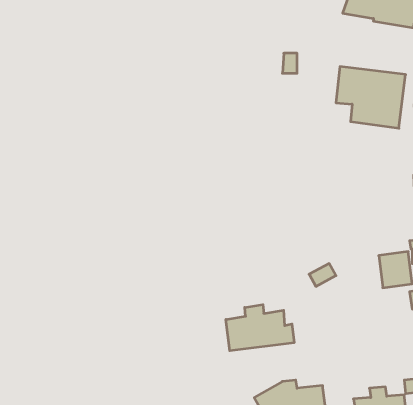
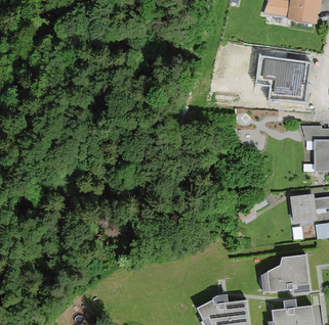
building: [226,305,294,351] -> none
building: none -> [263,256,310,291]

